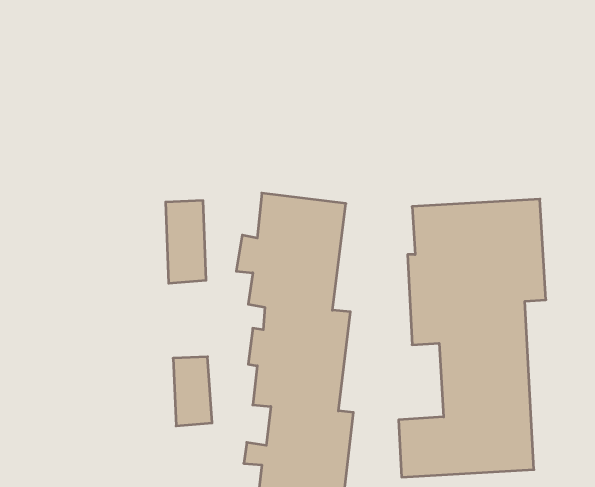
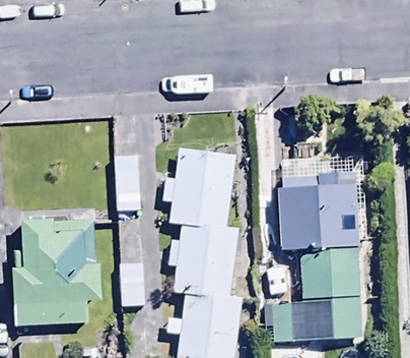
building: none -> [10,220,98,325]

